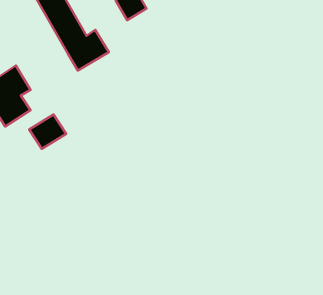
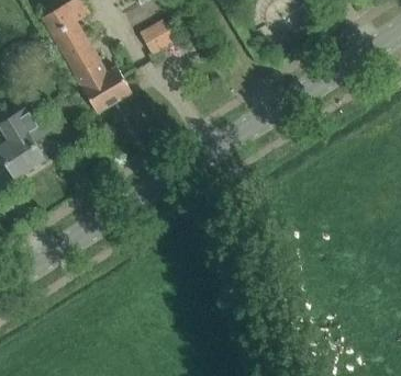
building: [29,114,66,149] -> none

